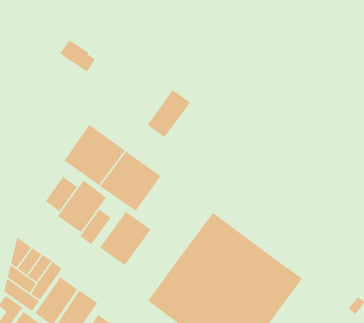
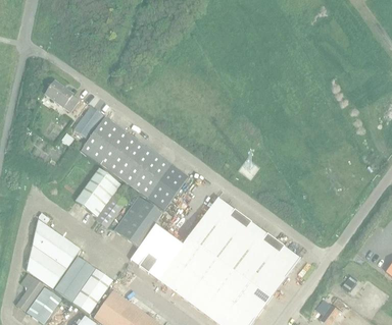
building: [59,39,96,73] -> [45,80,79,111]
building: [147,89,191,138] -> [147,164,188,209]
building: [45,176,78,212] -> [74,106,104,140]
building: none -> [130,224,182,278]

